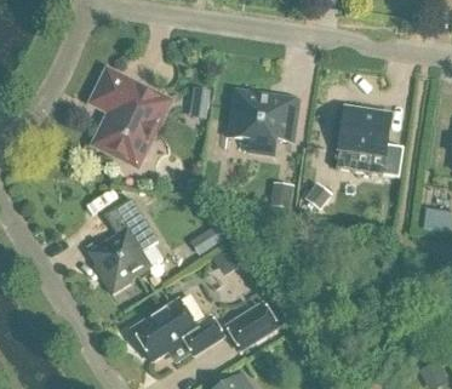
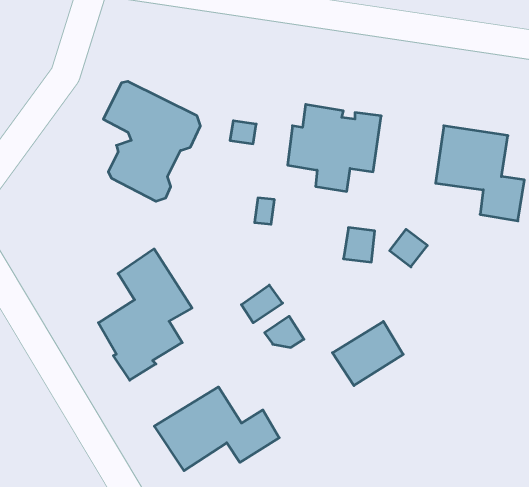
building: [225,302,278,349] -> [332,321,403,386]

